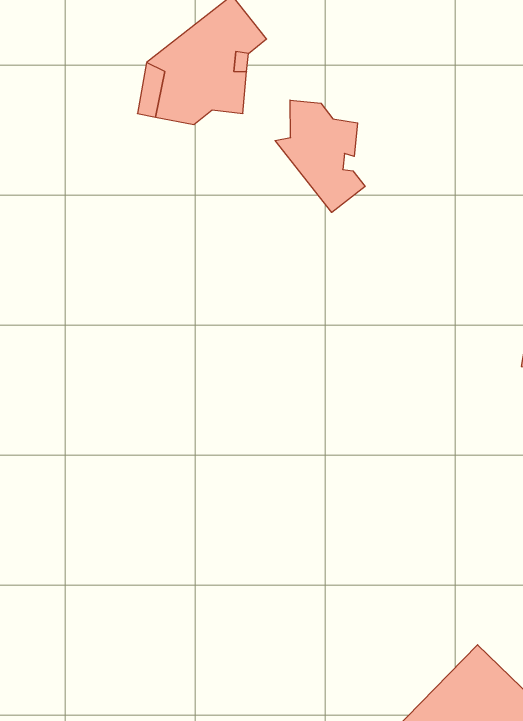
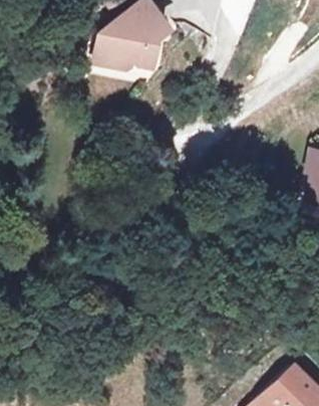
building: [275,100,365,212] -> none

